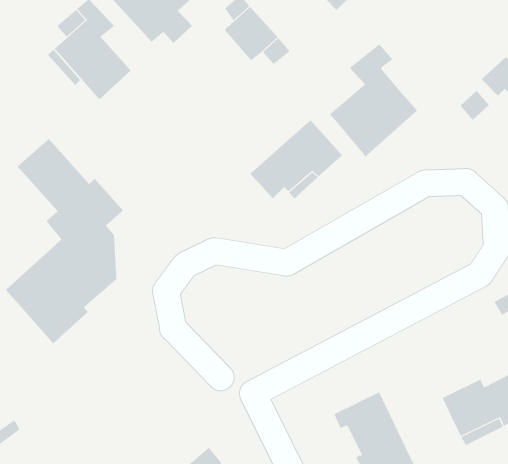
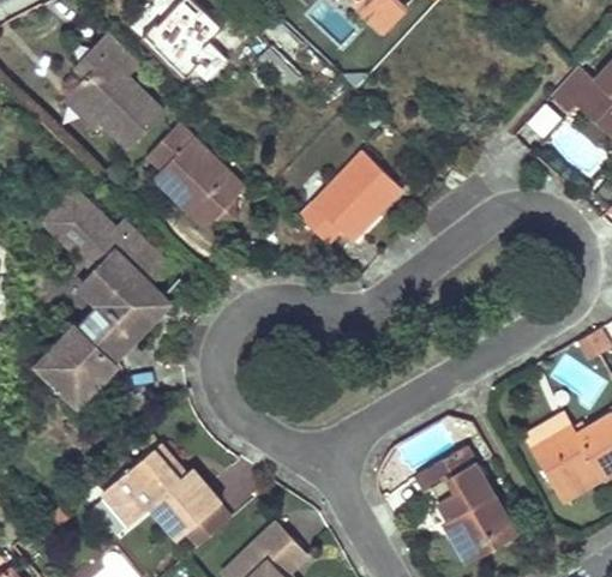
building: [329,44,418,157] -> none
building: none -> [145,125,241,228]
building: none -> [101,444,221,537]

